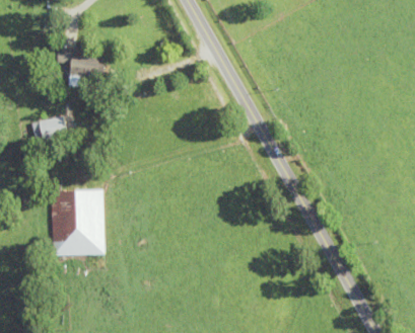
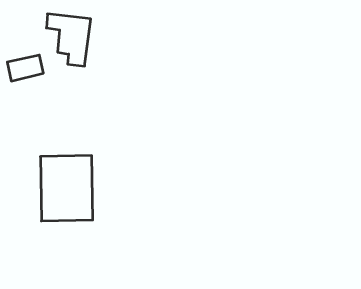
building: [31,115,68,142] -> [7,55,43,81]

